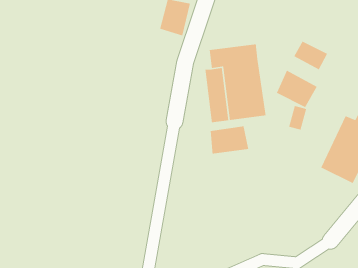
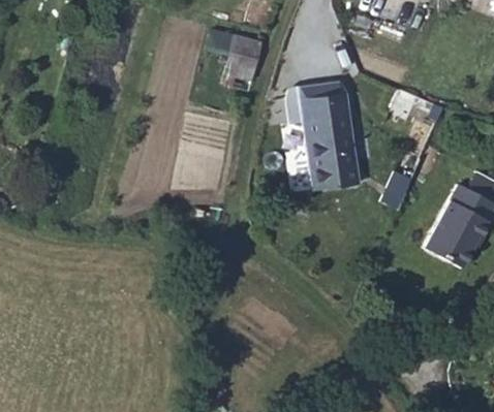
building: [276,70,318,108] -> none
building: [210,125,249,154] -> none

